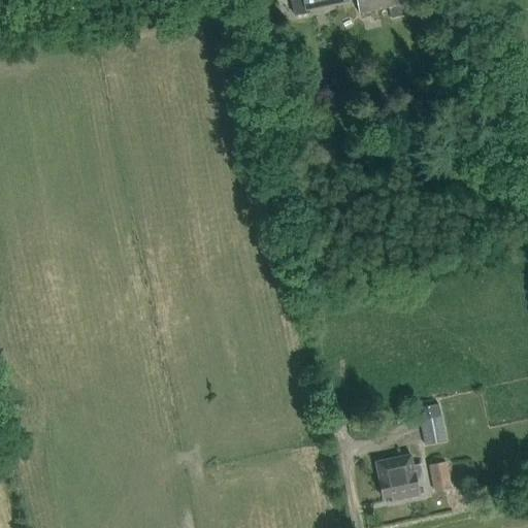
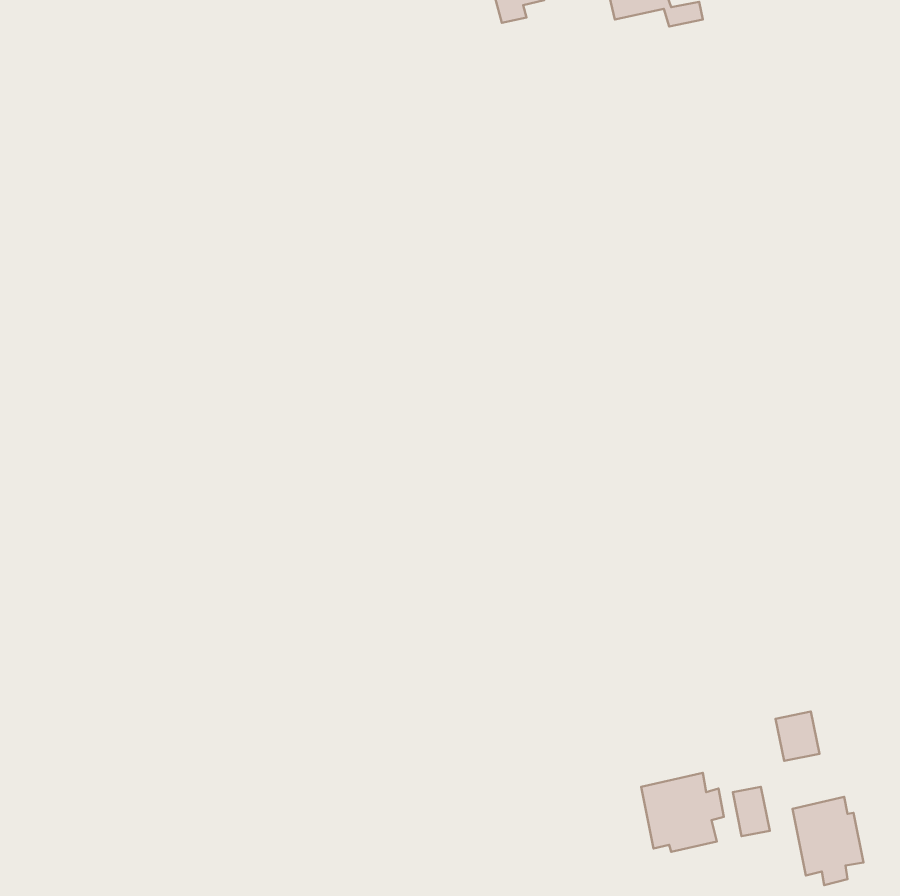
building: [421,415,447,443] -> [776,712,820,761]
building: none -> [793,797,863,885]

